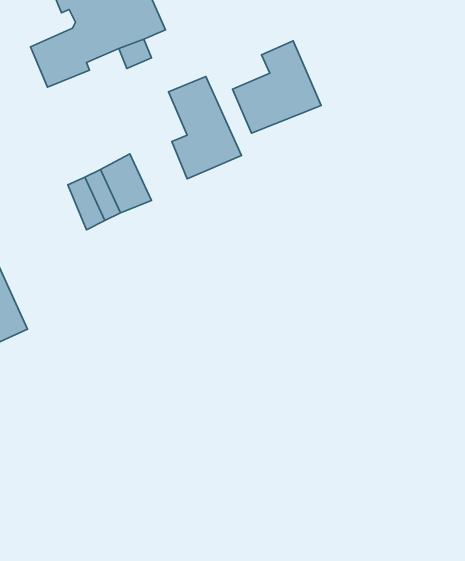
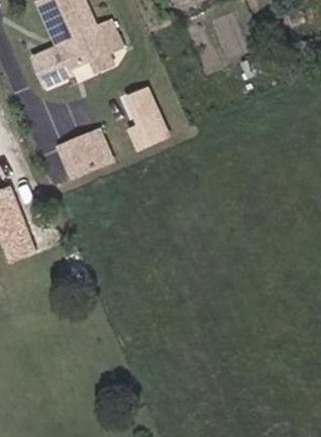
building: [232,41,321,133] -> none

